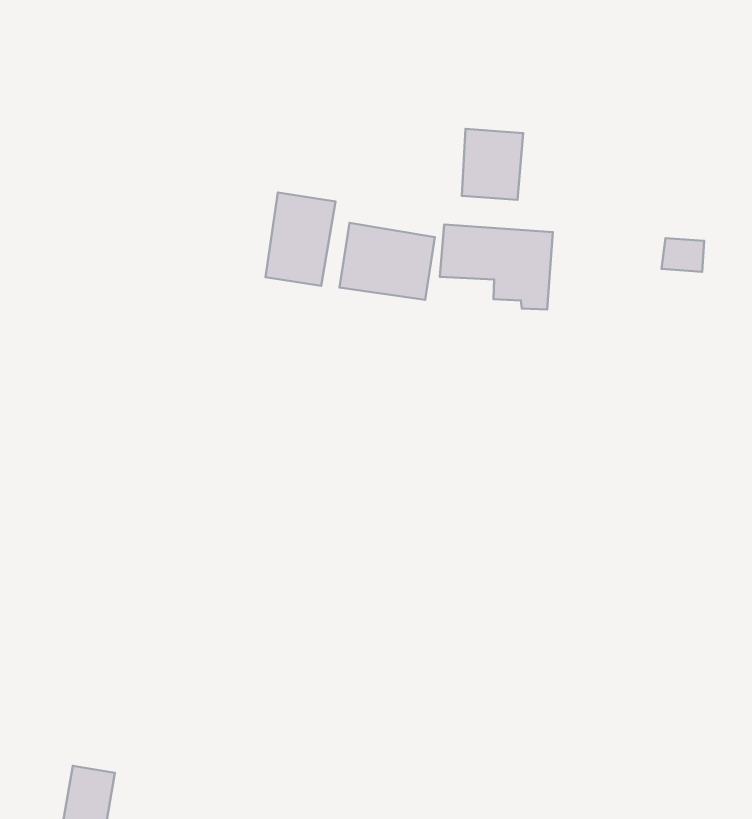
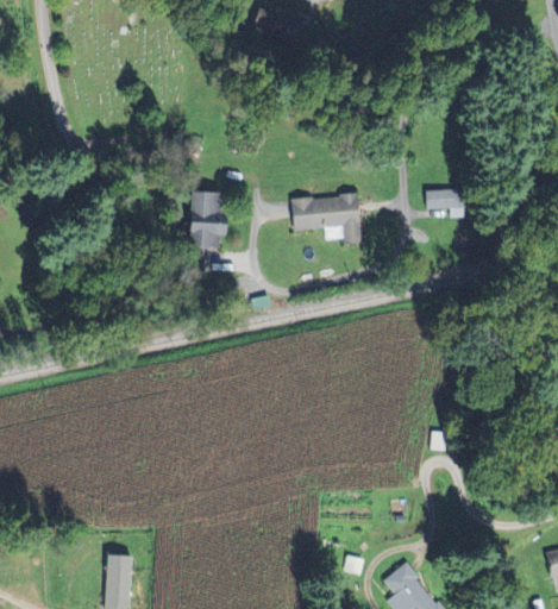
building: [462,129,523,200] -> none
building: [339,223,435,300] -> none

